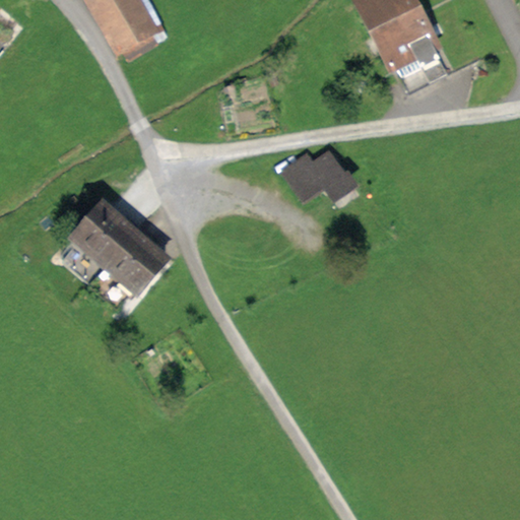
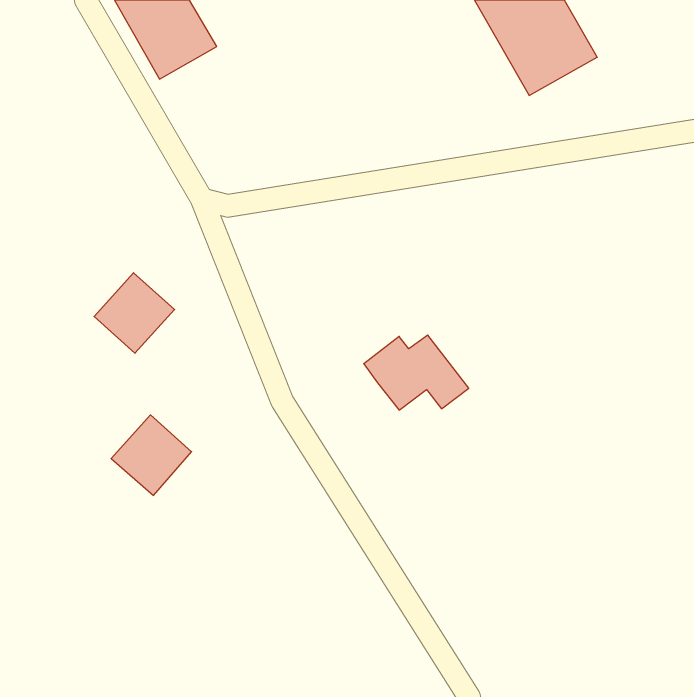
building: [277,145,355,201] -> [364,335,469,410]
building: [101,231,160,290] -> [111,415,192,495]

